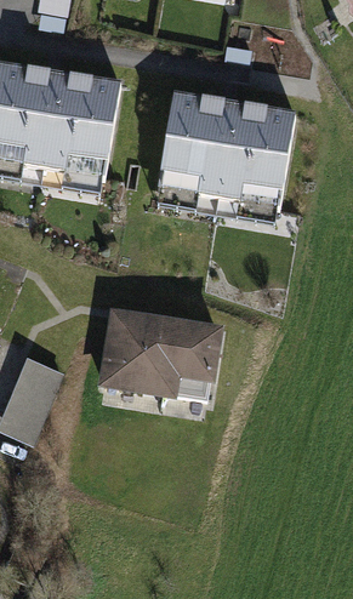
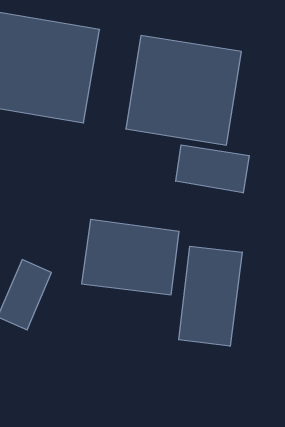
building: none -> [176,145,249,193]
building: none -> [179,246,242,346]

